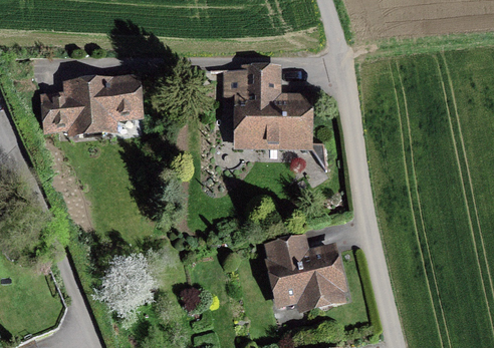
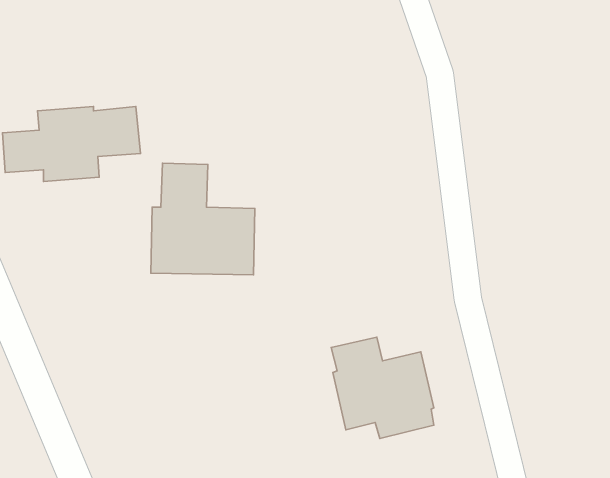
building: [235,68,306,144] -> [151,163,255,275]

